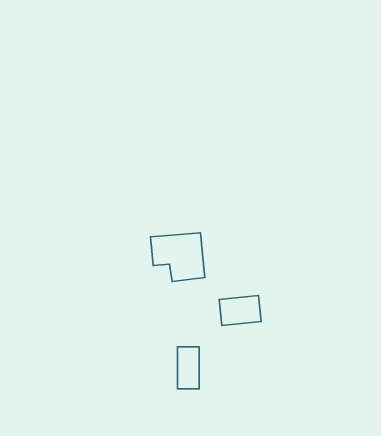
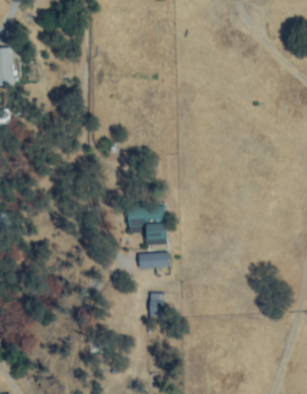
building: [219,296,261,325] -> [138,250,169,272]

